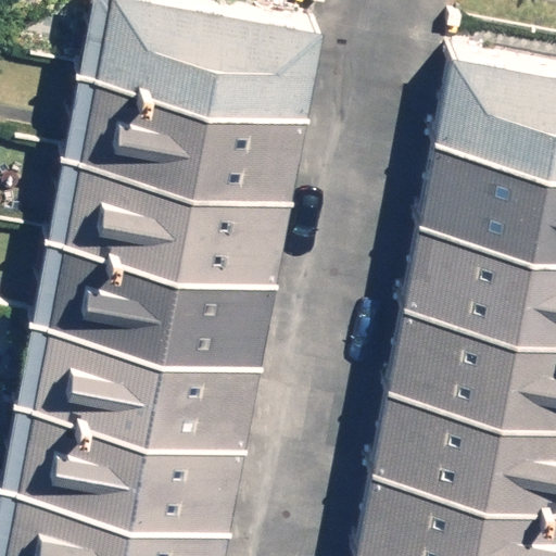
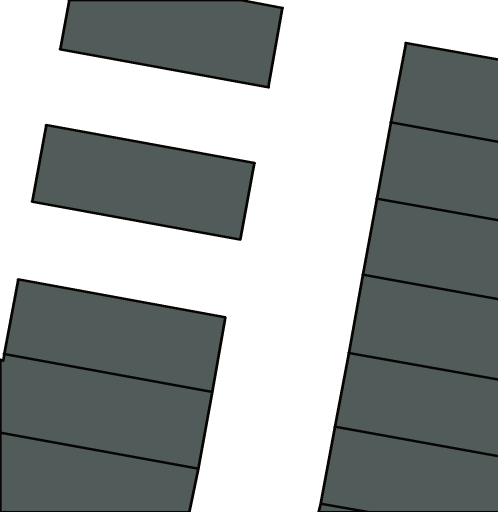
building: [65,53,306,177] -> none
building: [35,218,276,344] -> none

